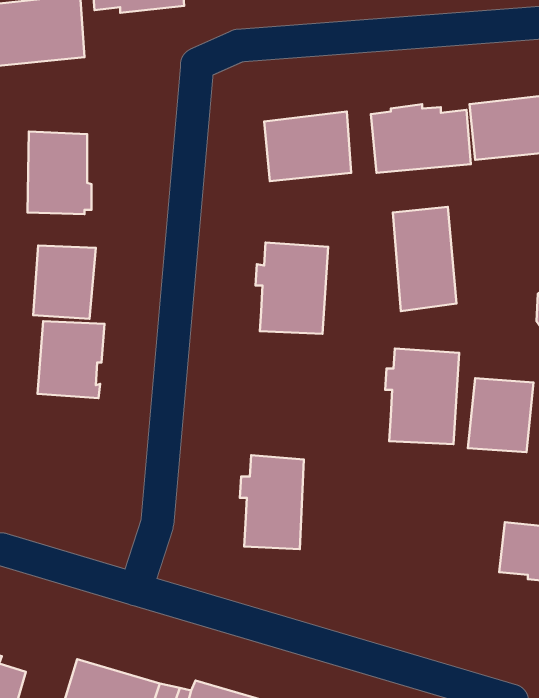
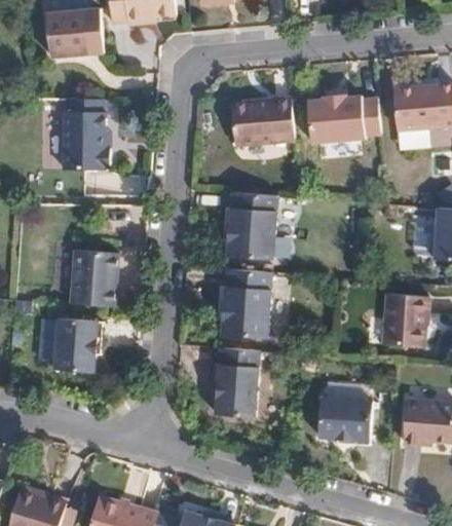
building: [393,207,457,311] -> none
building: [33,246,96,319] -> none
building: [385,348,459,444] -> [221,268,274,337]
building: none -> [54,314,103,370]
building: none -> [315,391,371,441]

